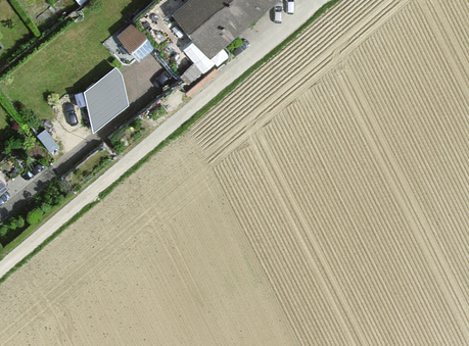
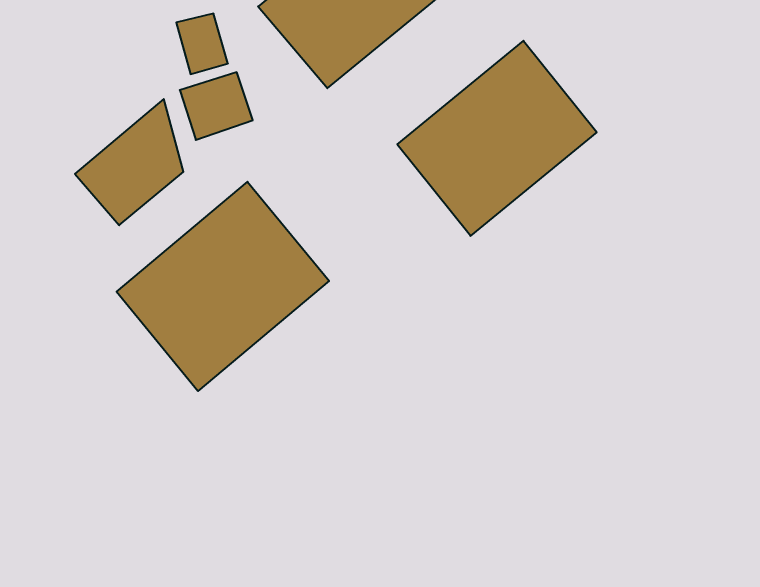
building: none -> [397,41,597,236]
building: none -> [117,182,329,391]

